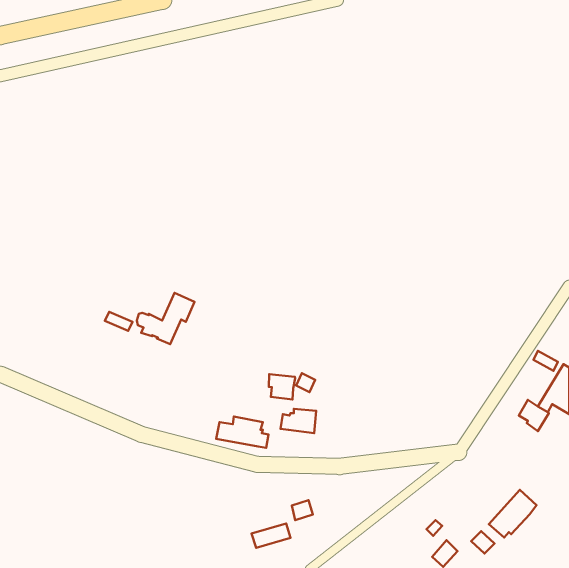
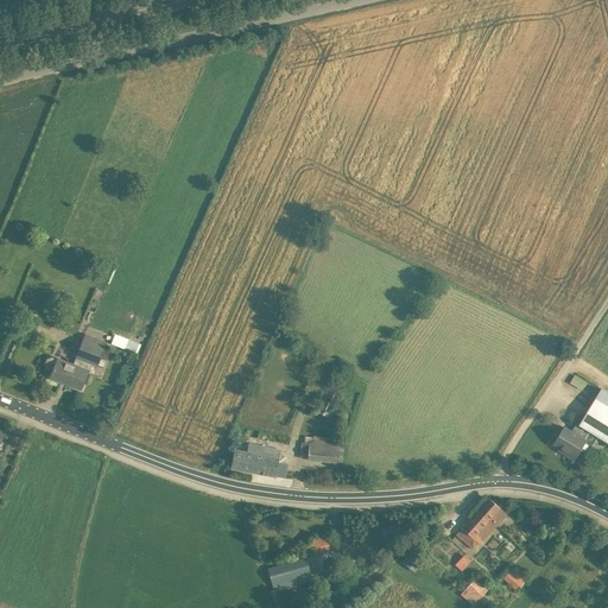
building: [137,293,195,344] -> [45,336,107,391]
building: [269,374,295,400] -> none
building: [489,490,537,538] -> [456,499,507,550]

